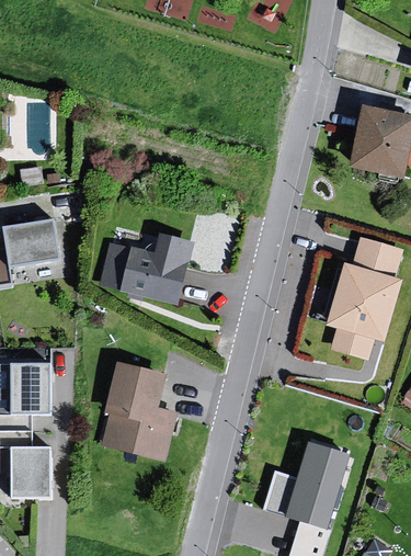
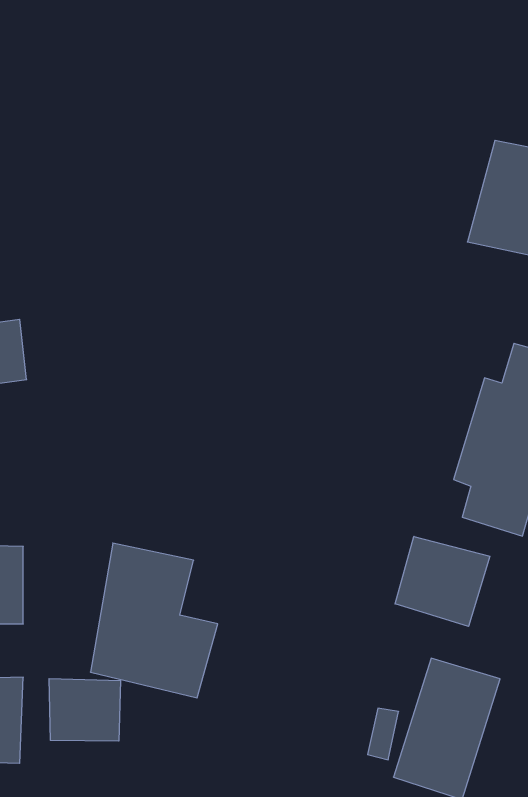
building: [98,231,189,303] -> none
building: none -> [395,536,490,626]
building: none -> [49,679,120,741]

